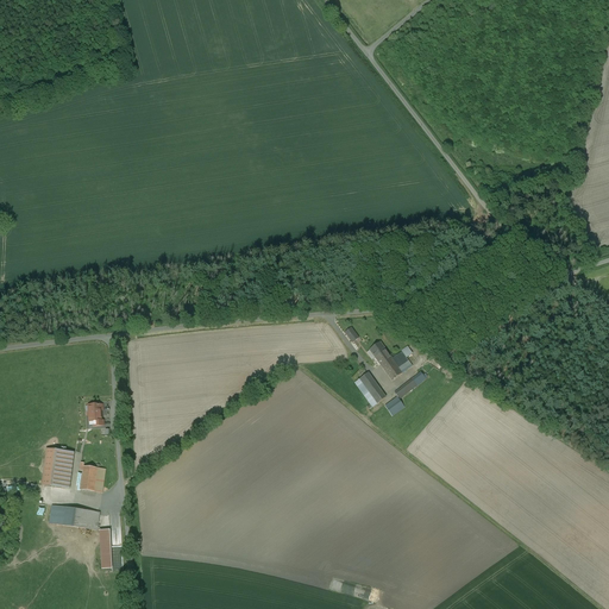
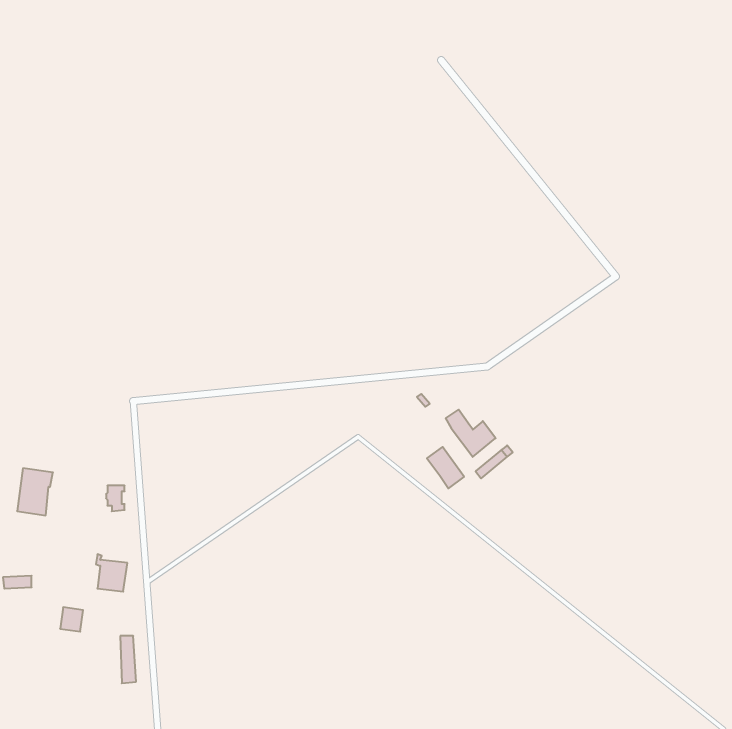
building: [42,447,71,486] -> [17,468,53,515]
building: [67,507,100,529] -> none

